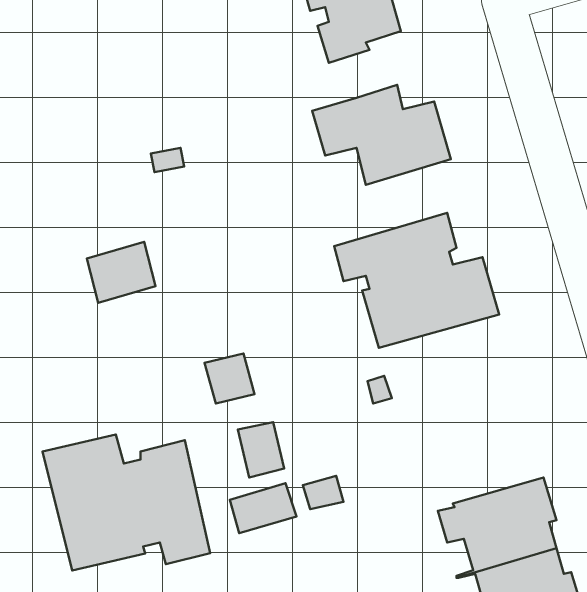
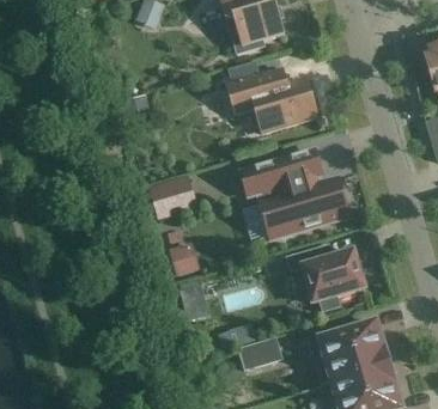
building: [87,242,155,303] -> [151,175,195,214]
building: none -> [290,243,365,311]
building: [43,435,210,571] -> none
building: [230,483,296,533] -> [238,336,281,368]

